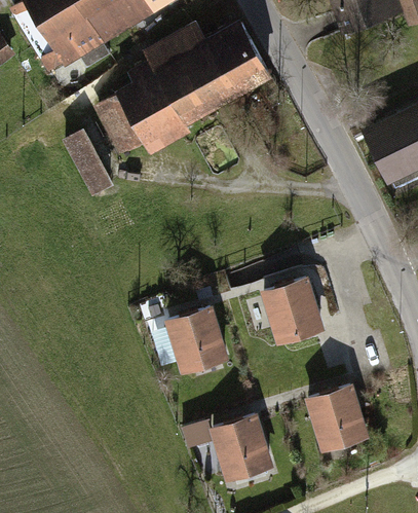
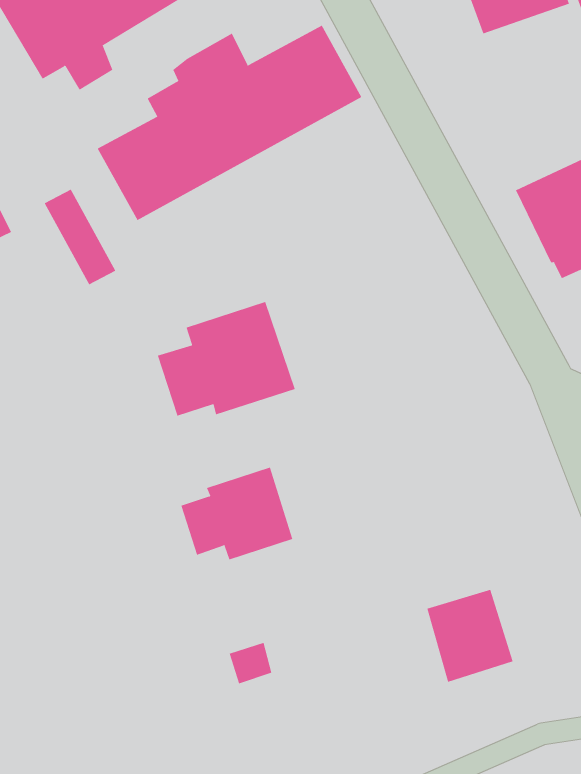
building: none -> [157,301,295,416]
building: [264,278,320,337] -> none
building: [213,414,269,483] -> none

